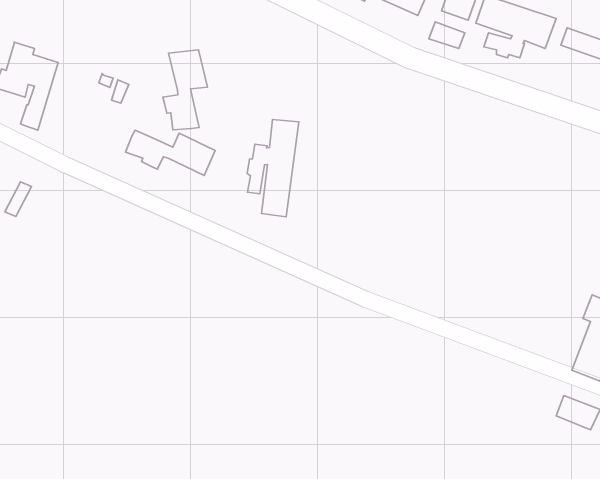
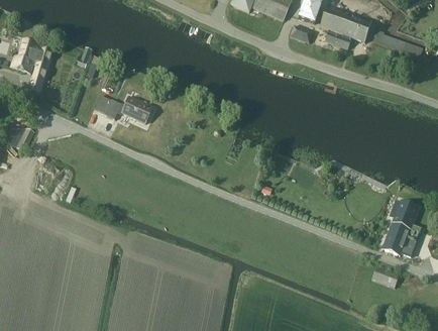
building: [163,50,207,130] -> none
building: [247,120,299,217] -> none

